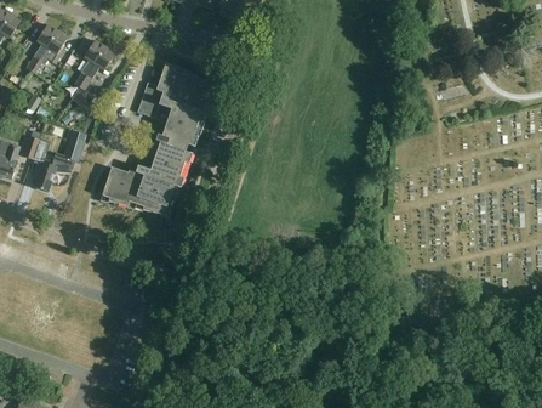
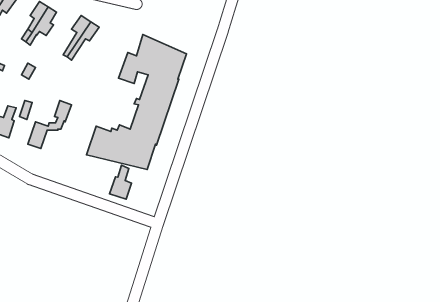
building: none -> [109,165,132,199]

